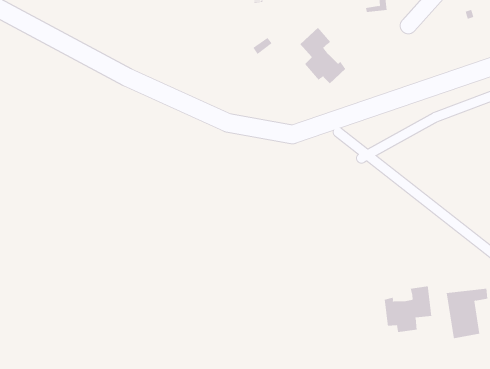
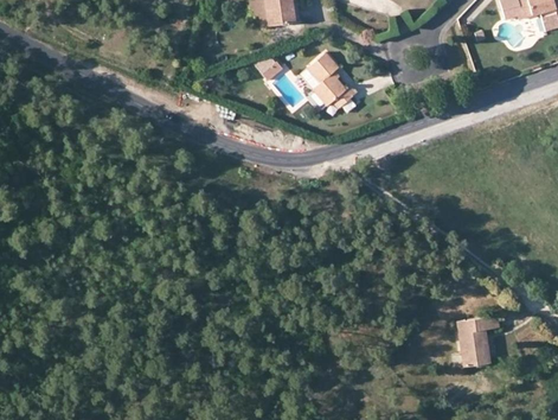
building: [384,285,432,333] -> none

